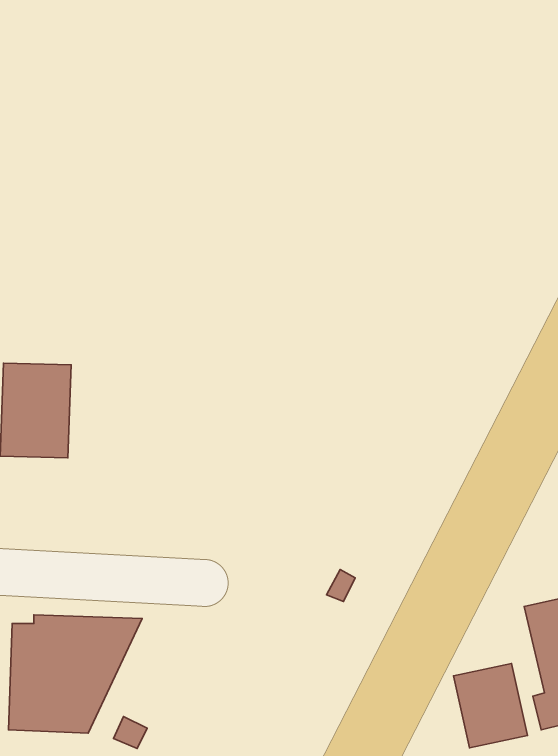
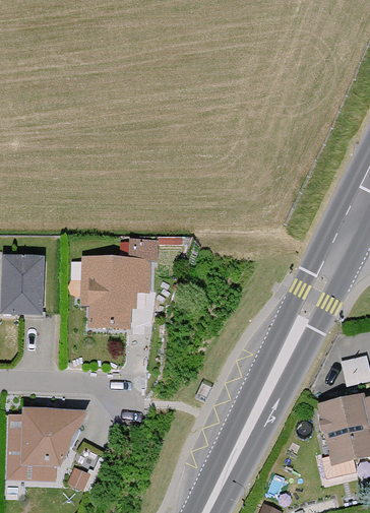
building: none -> [81,242,157,329]
building: [454,664,528,748] -> none

